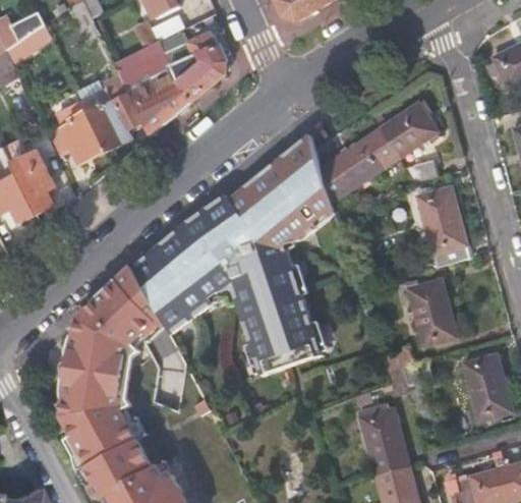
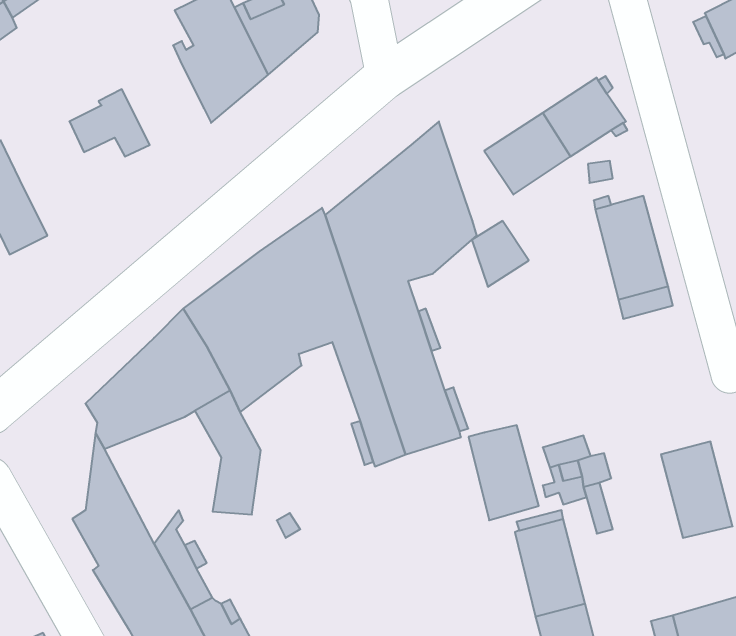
building: [88,94,144,150] -> none
building: [16,150,55,213] -> none
building: [321,157,360,203] -> [472,221,529,287]
building: [407,283,456,349] -> [469,425,539,520]
building: [75,339,137,428] -> none

